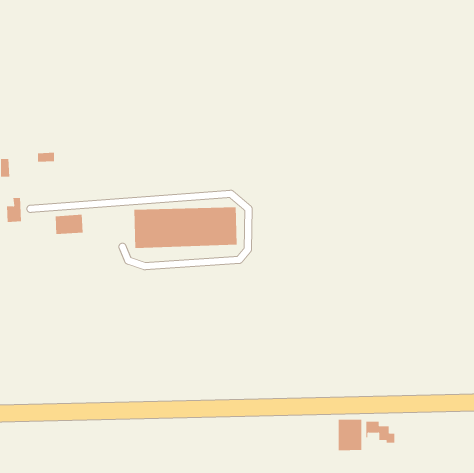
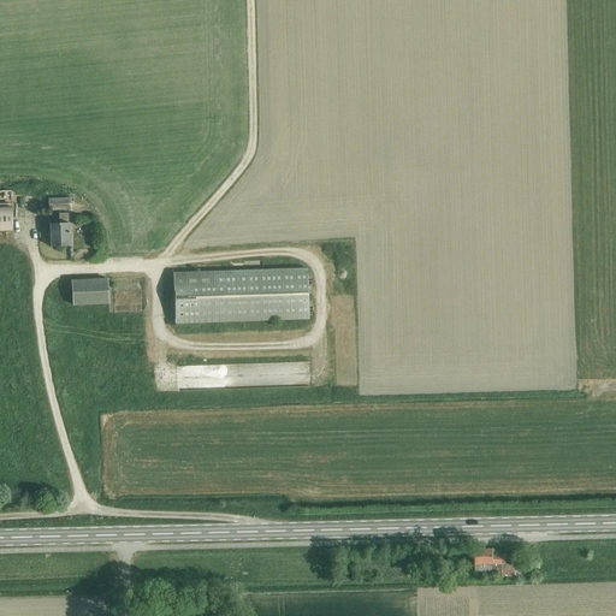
building: [6,198,22,223] -> [49,213,70,245]
building: [338,419,362,451] -> none

